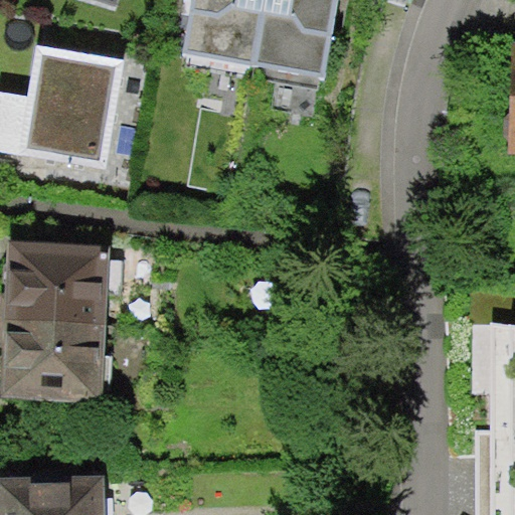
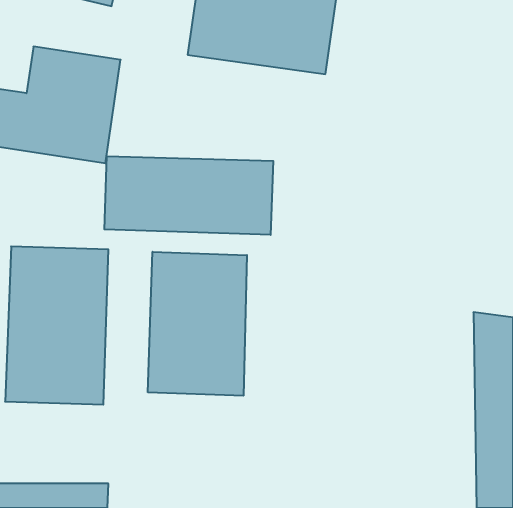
building: none -> [104,156,273,235]
building: none -> [148,252,247,396]

